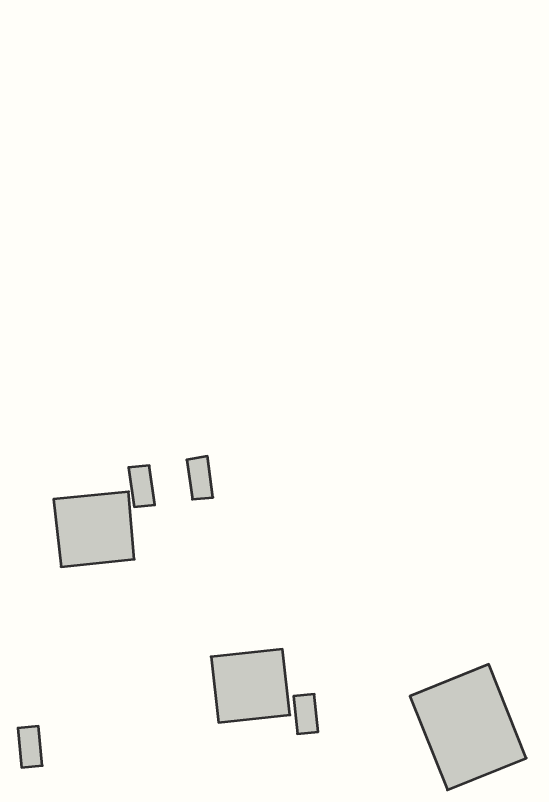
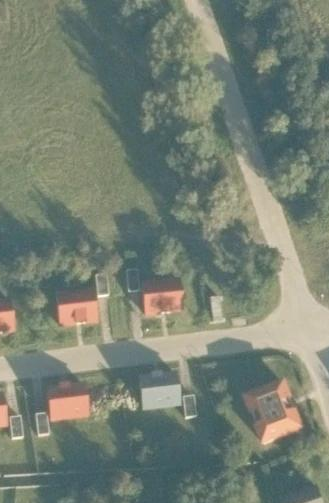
building: none -> [140,275,183,315]
building: none -> [46,380,88,420]

